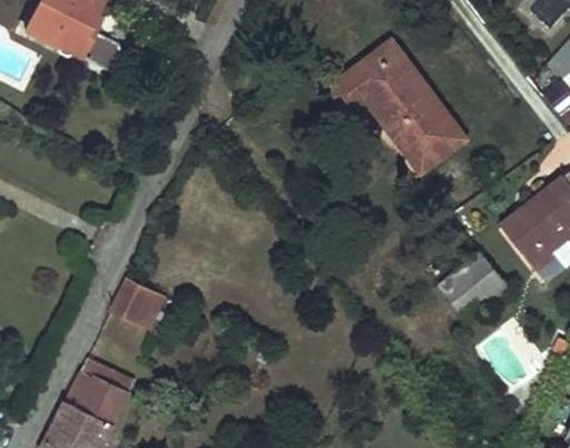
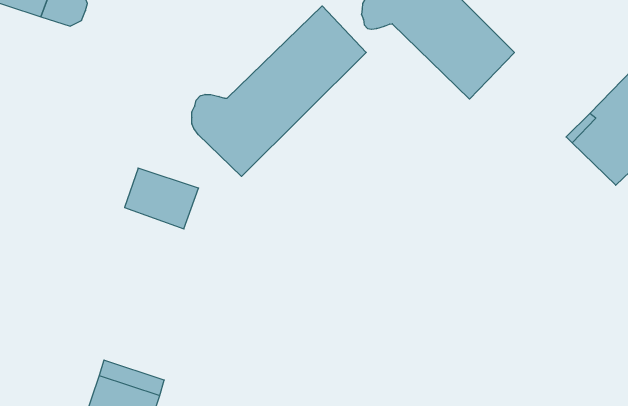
building: none -> [192,6,366,176]
building: [442,252,508,319] -> none
building: [109,280,173,335] -> [125,168,199,229]

